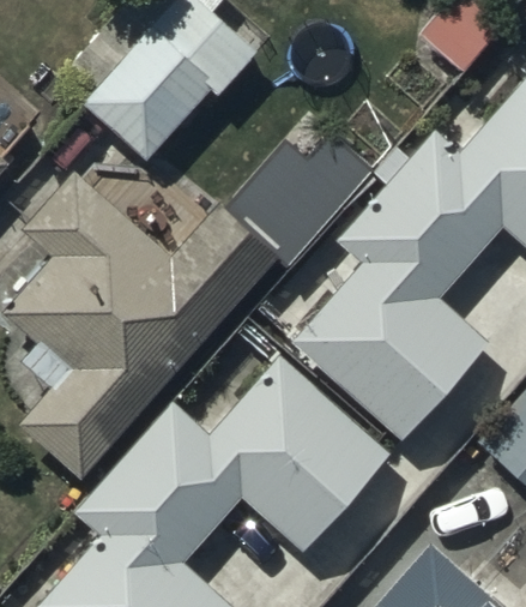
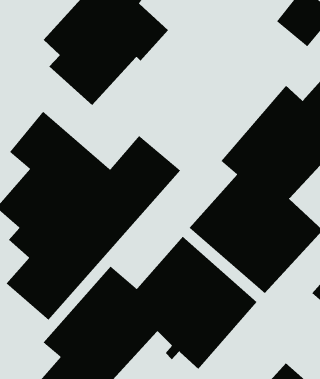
building: [222,132,375,270] -> none

